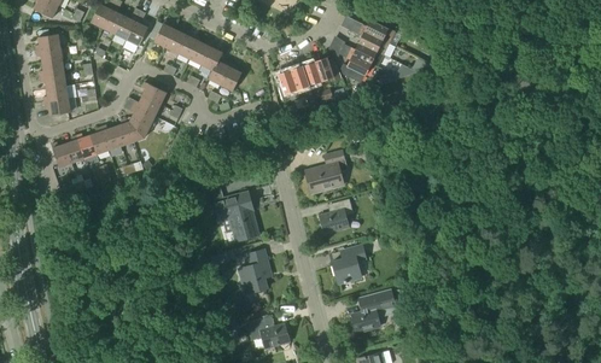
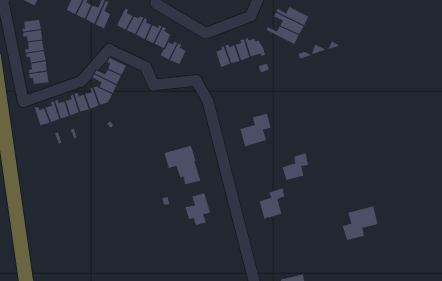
building: [338,47,369,81] -> none
building: [320,198,354,233] -> [282,153,309,181]
building: [351,289,397,333] -> [342,206,379,241]
building: [247,316,288,347] -> none

